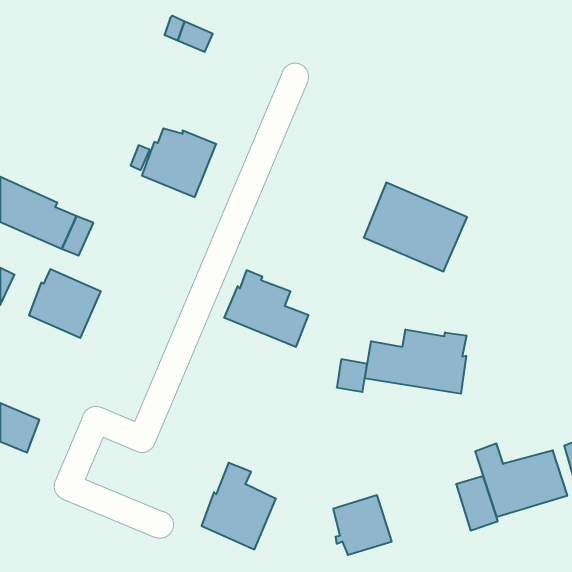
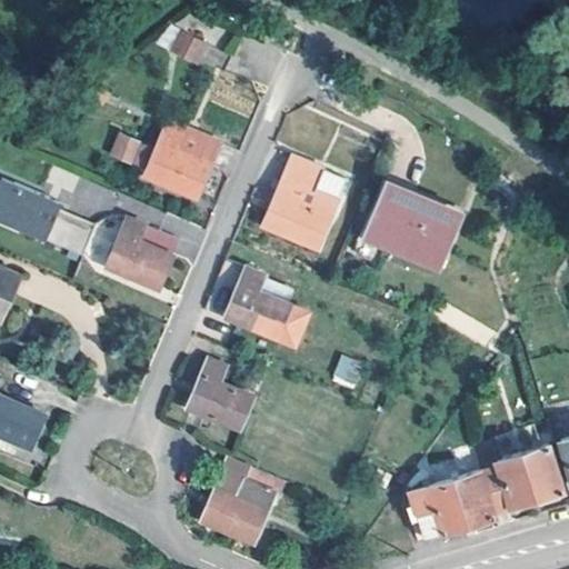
building: none -> [262,156,328,248]
building: [29,269,101,338] -> [106,220,177,288]
building: [365,329,466,394] -> none
building: none -> [186,361,251,431]
building: [333,495,392,555] -> [410,481,468,540]

